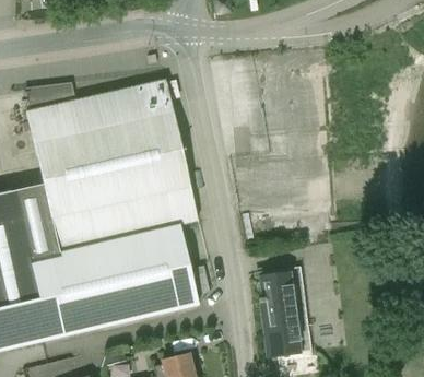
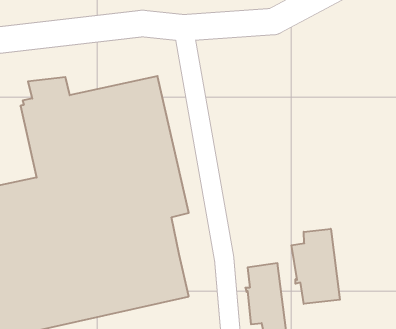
building: none -> [291,229,340,304]

